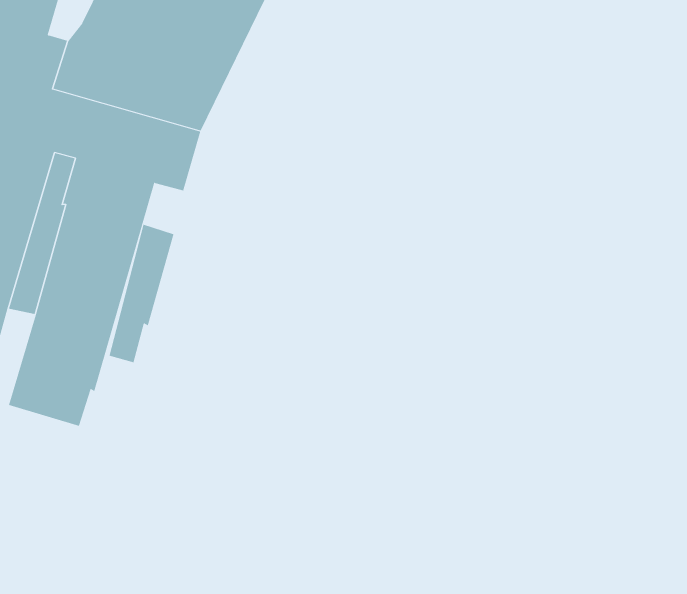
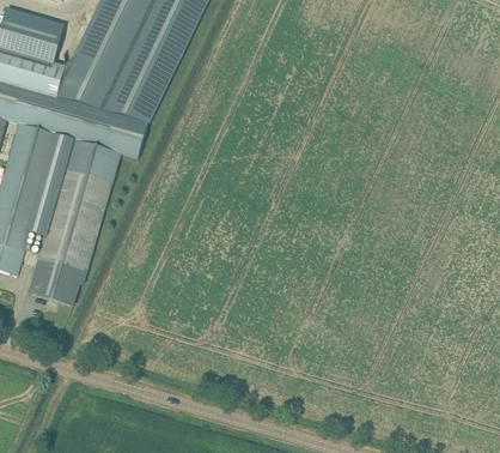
building: [109,224,174,363] -> none

